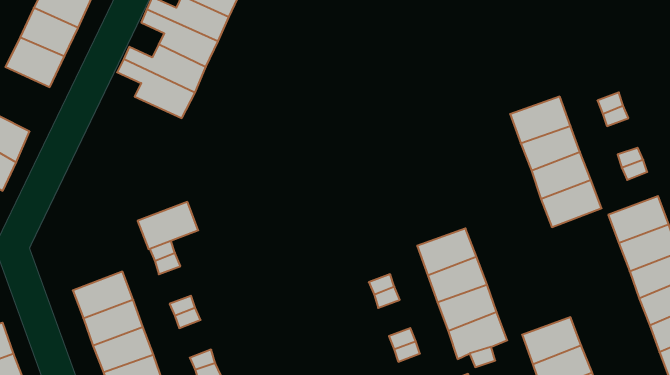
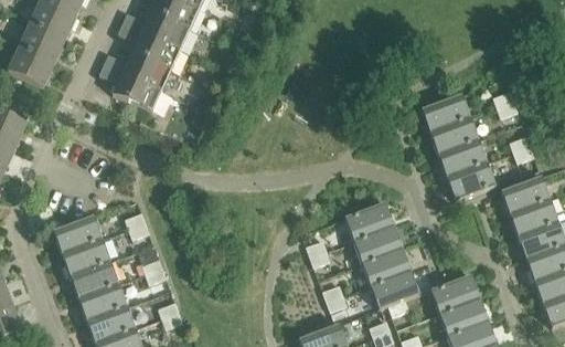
building: [138,202,198,249] -> [53,214,103,253]

